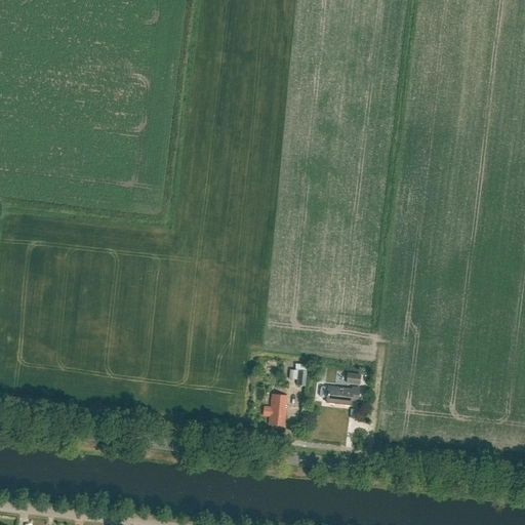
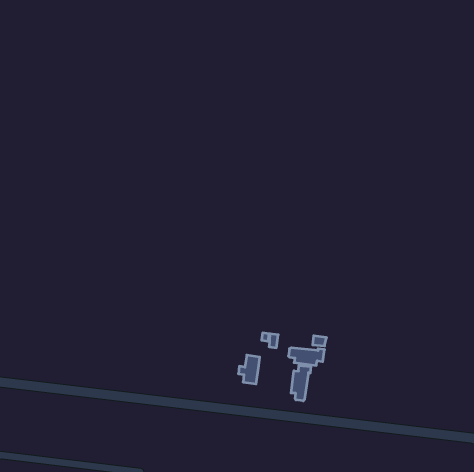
building: none -> [291,365,311,401]

